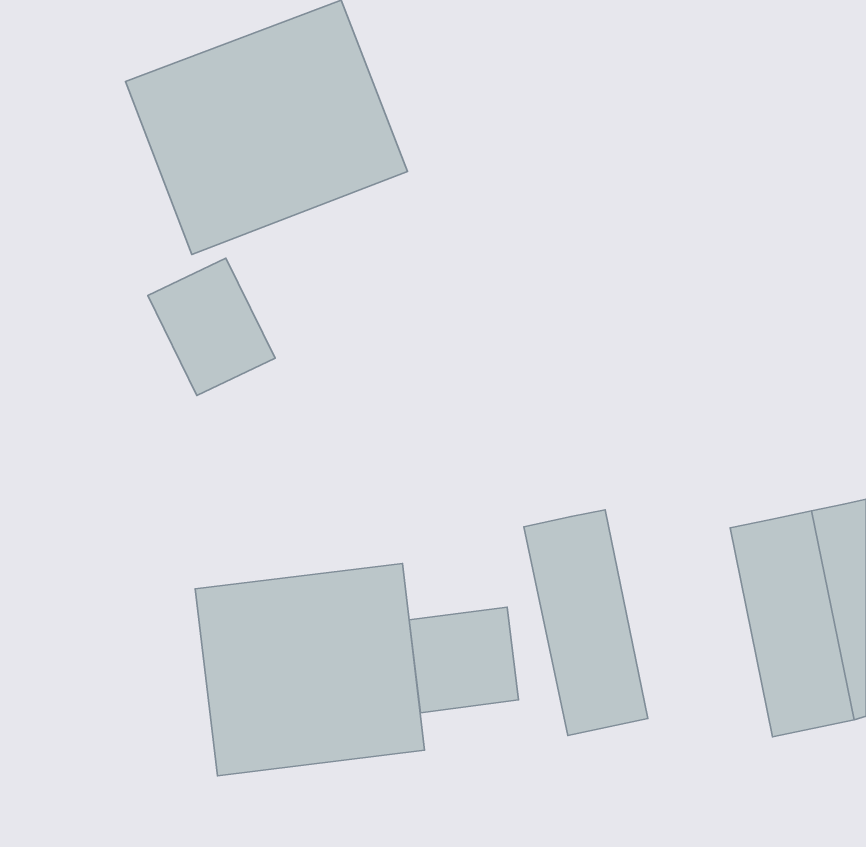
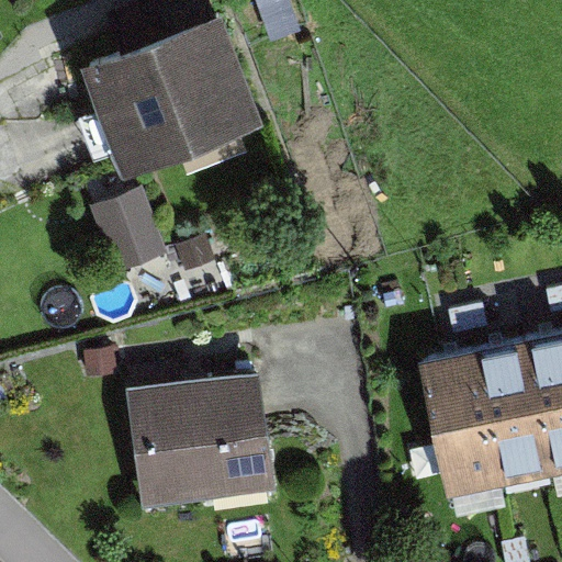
building: [524,510,648,735] -> [419,355,499,501]
building: [409,607,518,713] -> none

